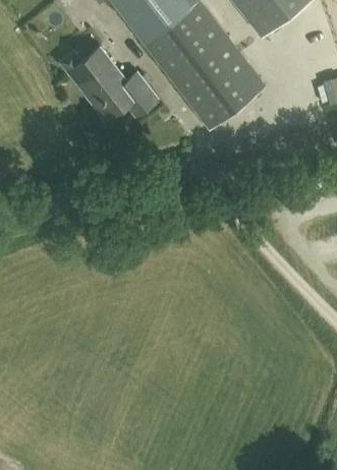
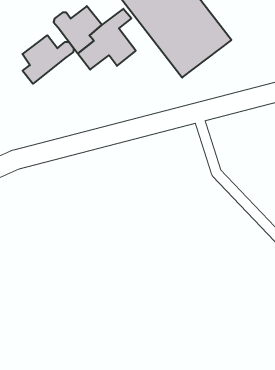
building: none -> [22,35,74,84]

